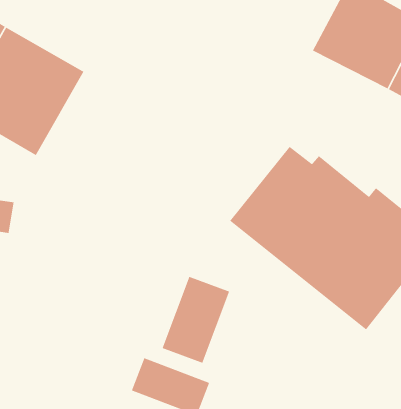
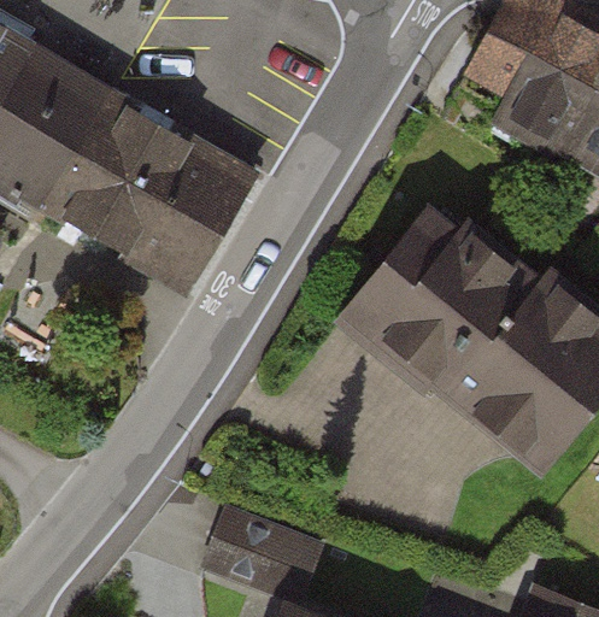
building: none -> [75,110,258,294]
building: [162,276,230,364] -> none

